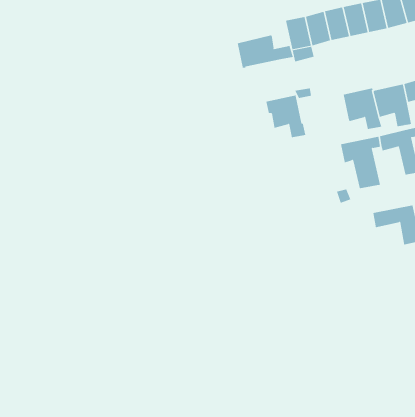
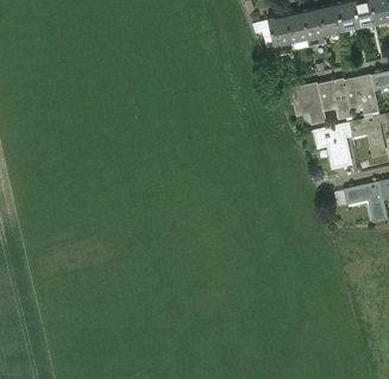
building: [237,35,293,68] -> none
building: [266,95,306,138] -> [291,83,327,121]

